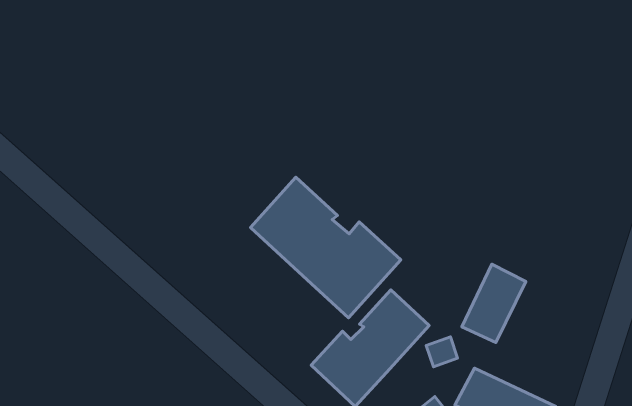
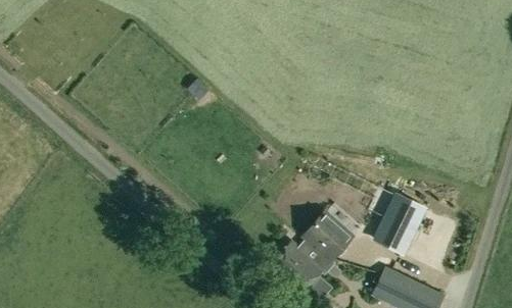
building: [250,177,401,318] -> none

